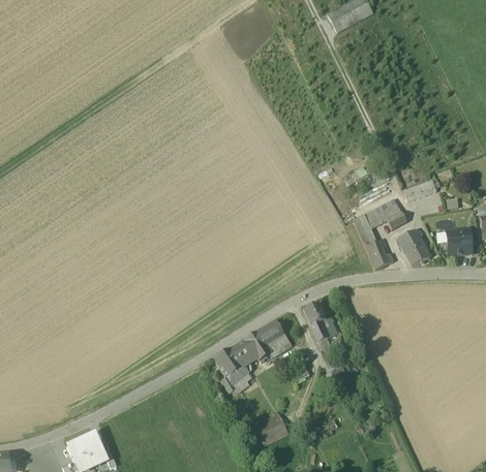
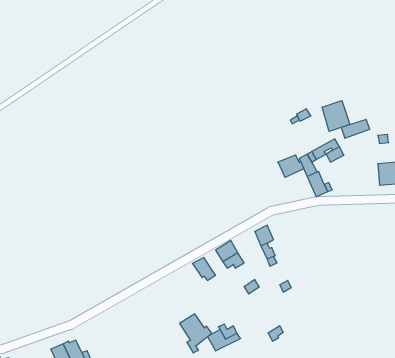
building: none -> [322,101,350,131]
building: none -> [278,155,304,177]
building: [397,228,432,264] -> none
building: [245,332,272,360] -> none
building: [214,347,251,392] -> [180,314,212,353]

